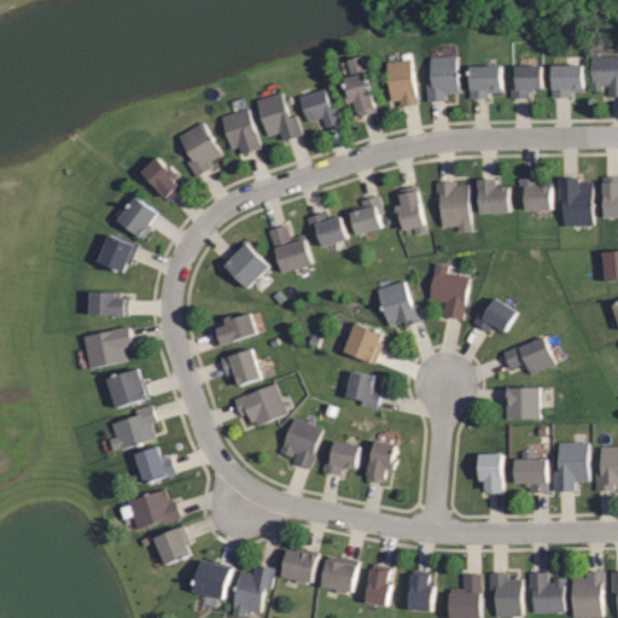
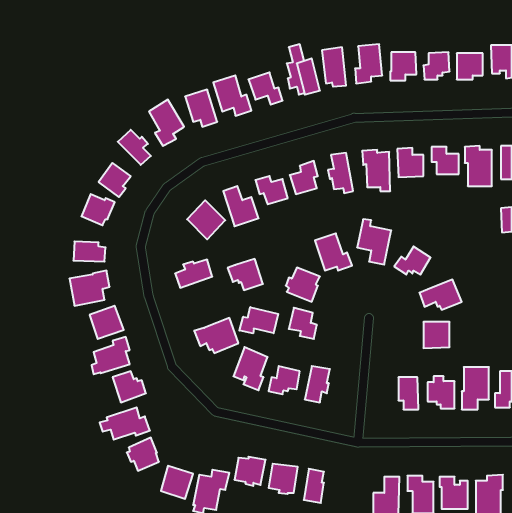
building: [218,348,261,385] -> [228,259,263,290]
building: none -> [239,307,278,333]
building: [407,570,433,612] -> none

